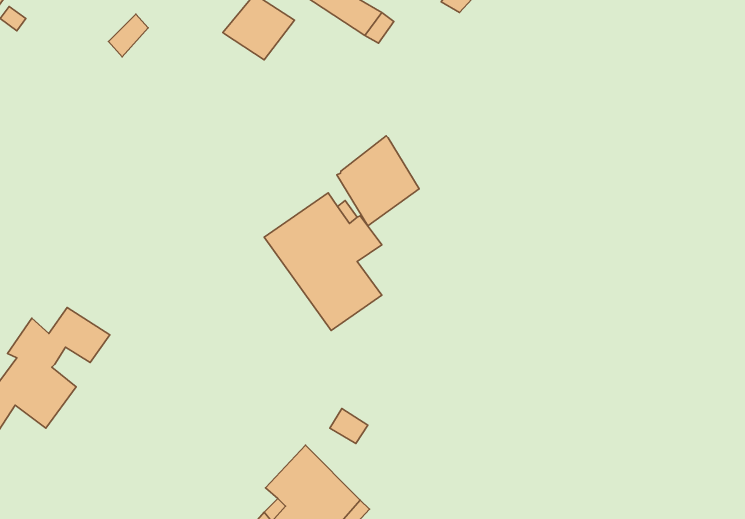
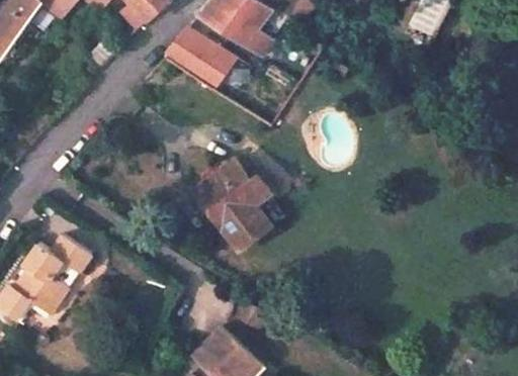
building: none -> [193,44,236,86]
building: [337,136,419,226] -> none

